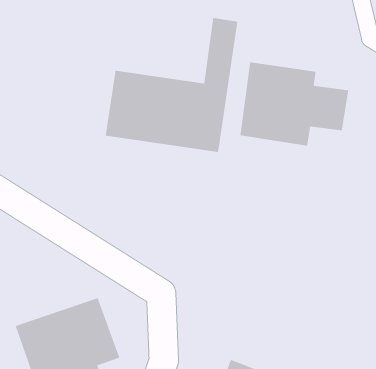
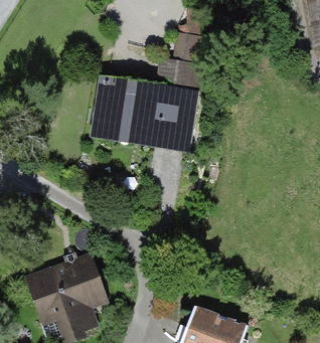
building: [240,62,349,147] -> none

